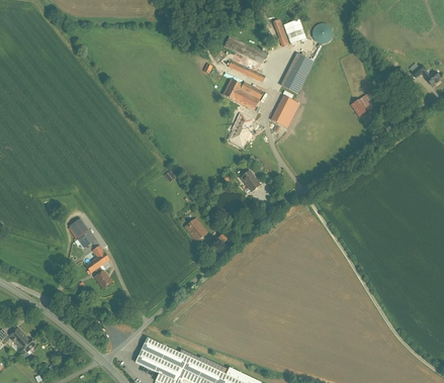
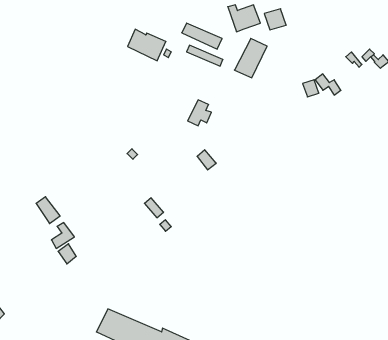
building: [223,79,263,112] -> [128,29,166,61]
building: [271,96,299,129] -> none

